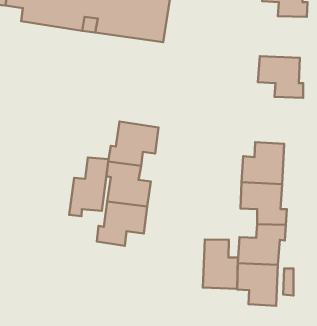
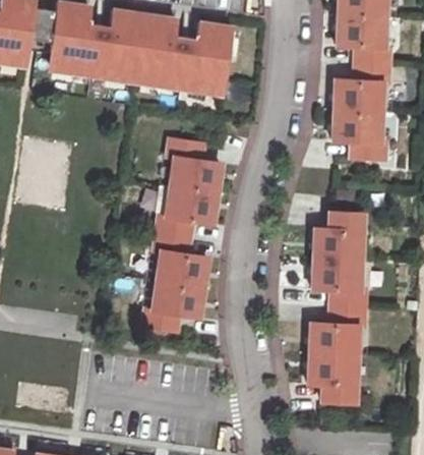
building: none -> [335,64,389,113]
building: none -> [169,143,222,194]
building: [69,157,108,216] -> none
building: [203,239,238,289] -> none

